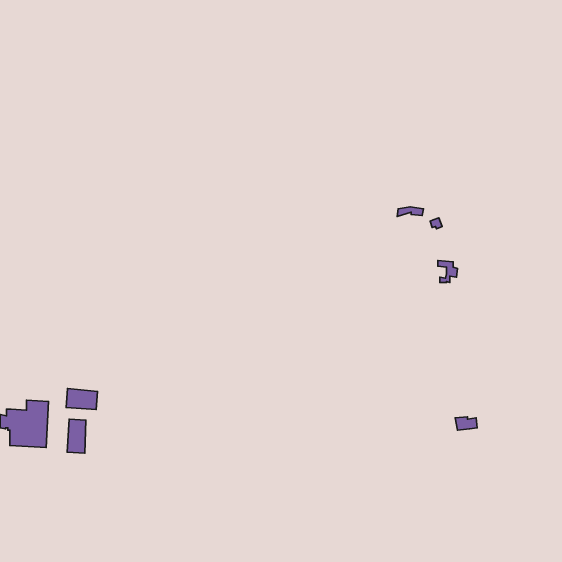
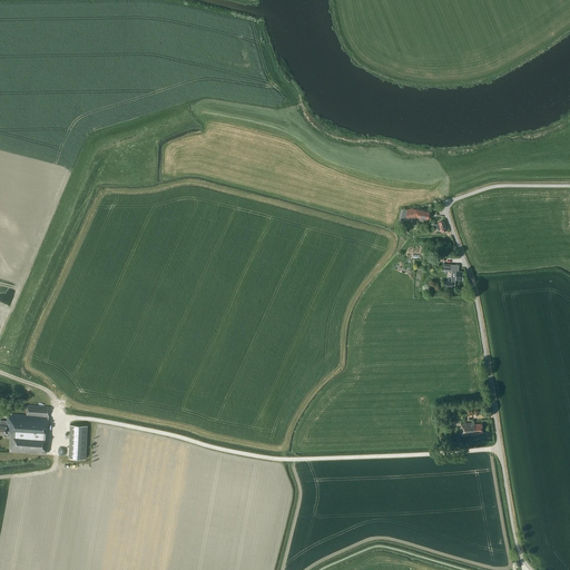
building: [66,388,97,410] -> none

